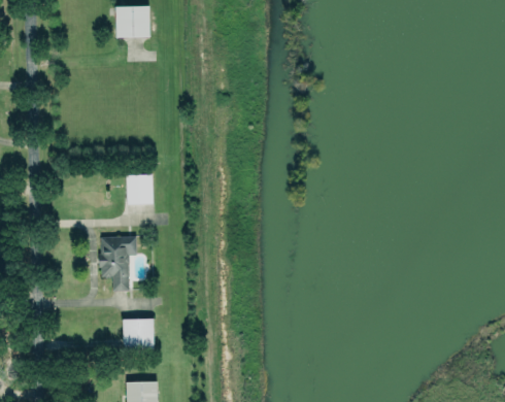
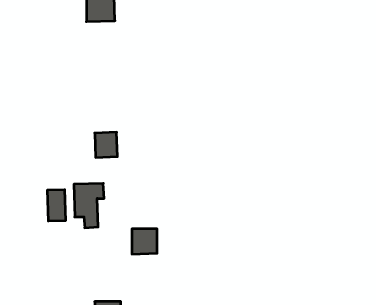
building: none -> [48,190,65,221]
building: [123,319,154,349] -> [132,229,157,254]

